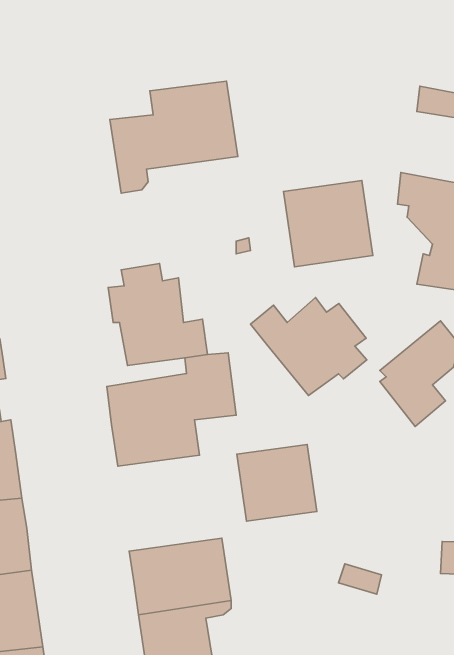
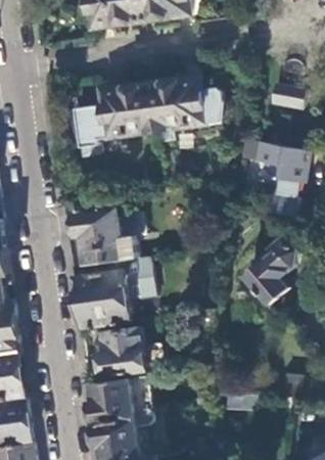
building: [283,180,373,267] -> [148,77,205,132]
building: [250,297,367,395] -> none
building: [237,444,317,521] -> [94,328,145,377]

